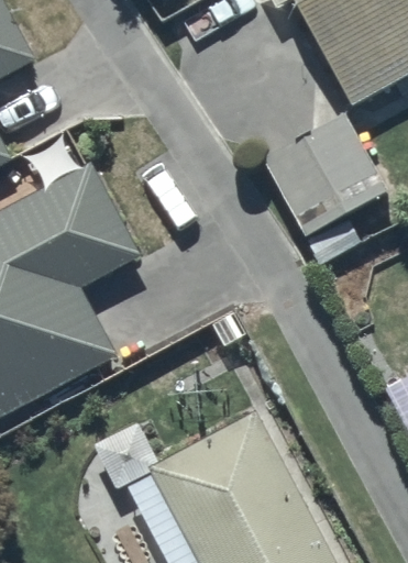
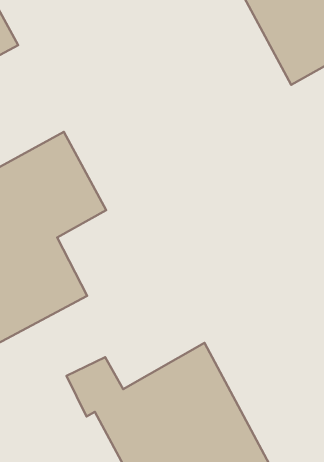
building: [262,114,388,268] -> none

